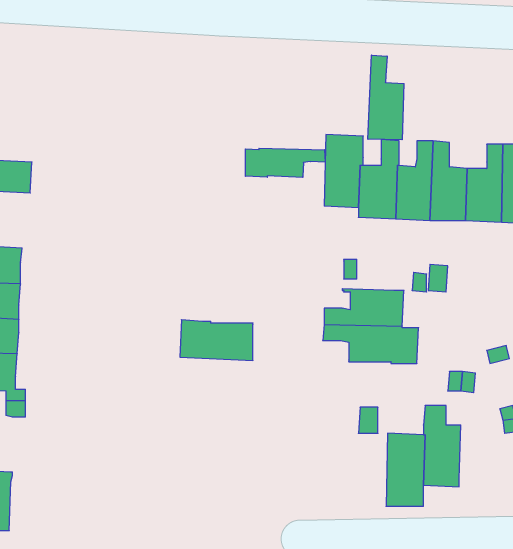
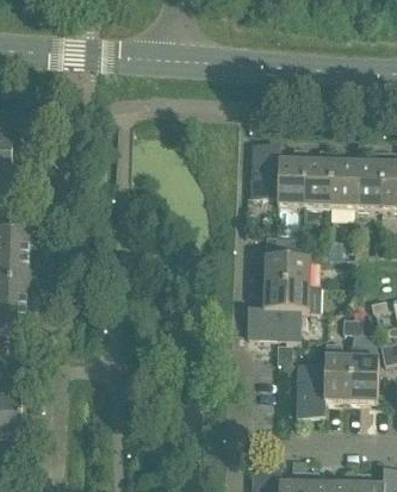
building: [368,55,404,140] -> none
building: [245,148,325,177] -> none
building: [180,320,253,360] -> [247,307,300,337]
building: none -> [351,343,378,401]

